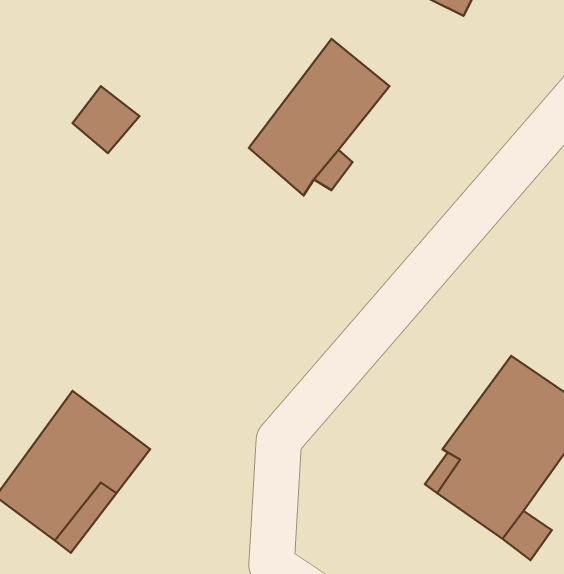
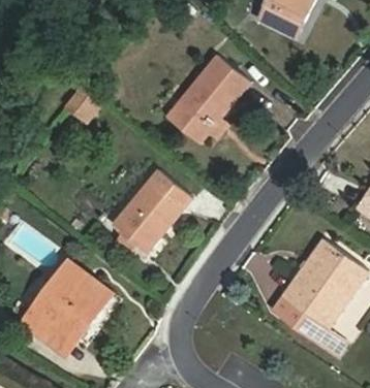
building: none -> [110,167,192,257]

